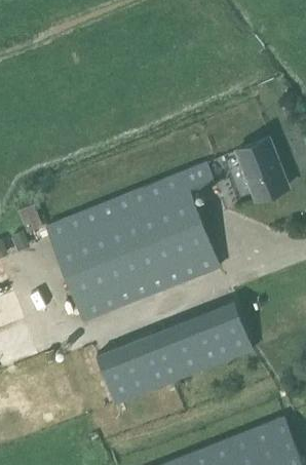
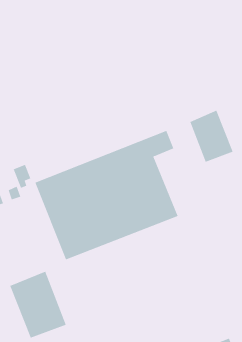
building: [94,301,254,405] -> none
building: none -> [9,271,67,338]

